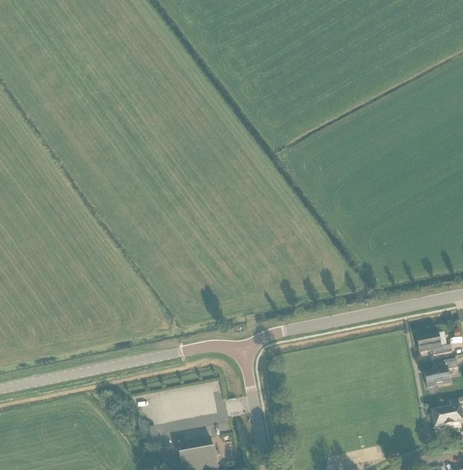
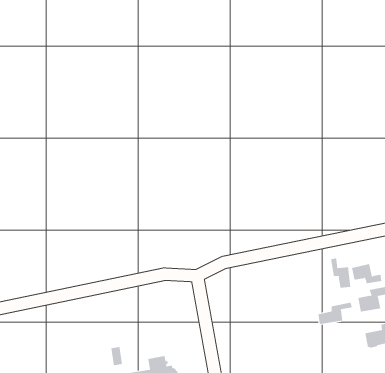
building: none -> [331,258,351,289]
building: none -> [318,302,352,325]

